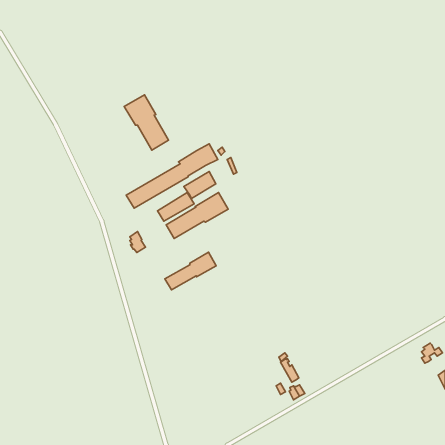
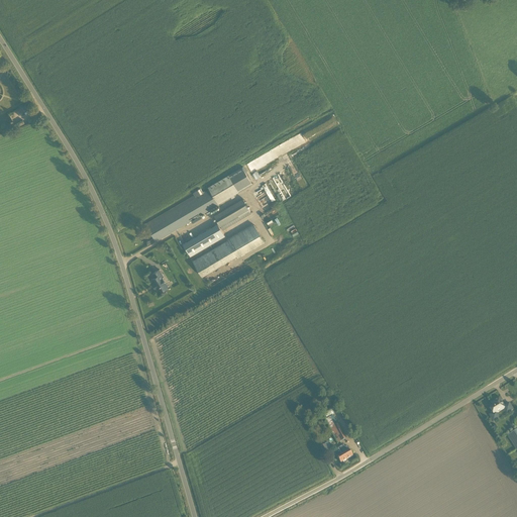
building: [124,95,169,150] -> none
building: [165,252,216,290] -> none

